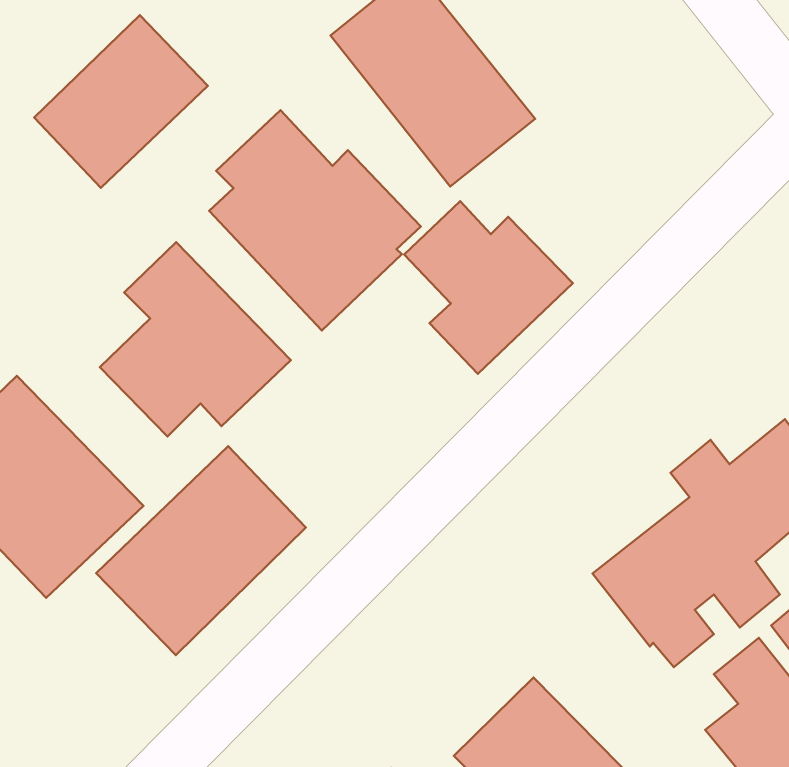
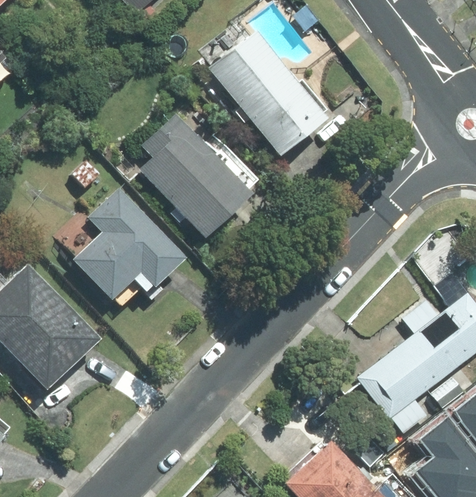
building: [34,15,208,188] -> none
building: [404,201,573,374] -> none
building: [96,446,306,655] -> none

